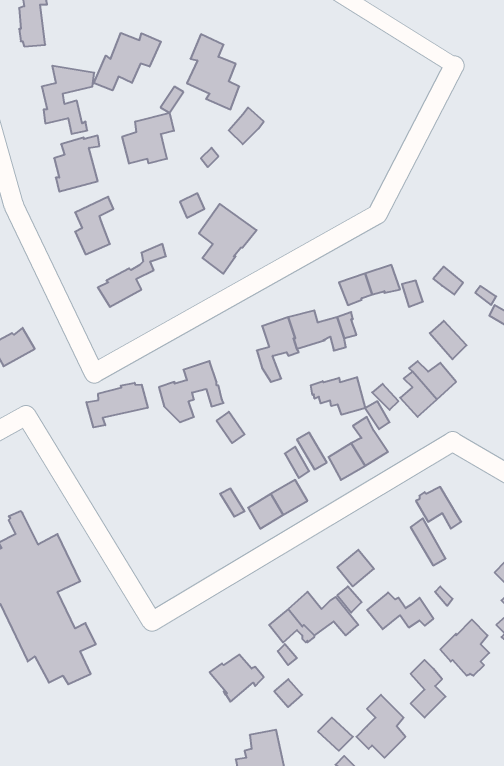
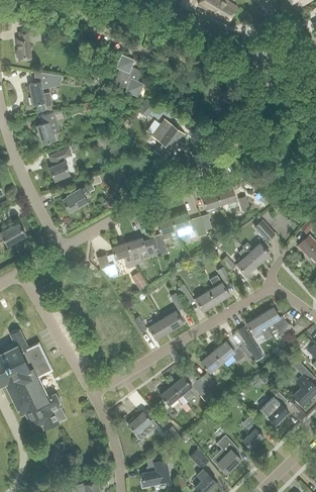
building: [94,33,161,90] -> none
building: [122,113,174,164] -> none
building: [199,204,257,274] -> [151,119,185,160]
building: none -> [126,237,155,265]
building: [311,377,365,415] -> none
building: [86,383,148,427] -> none
building: none -> [259,307,291,336]
building: [367,592,433,629] -> [212,341,250,363]

